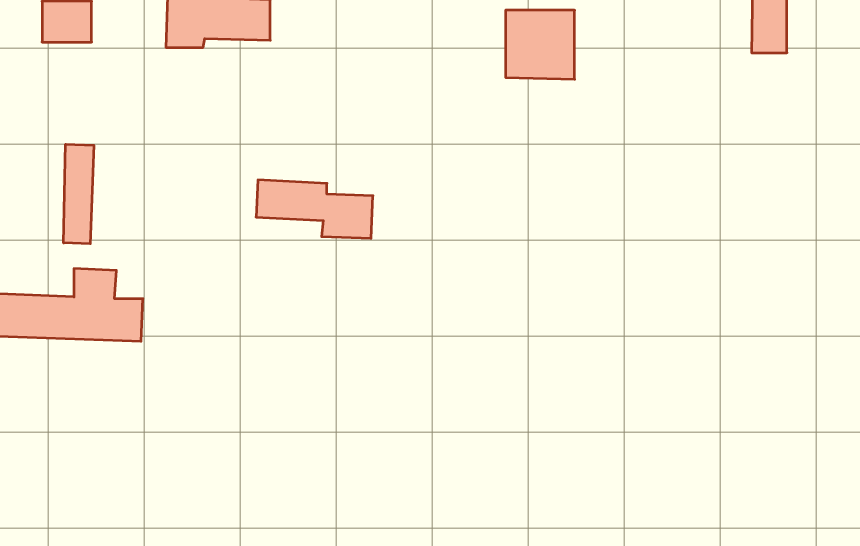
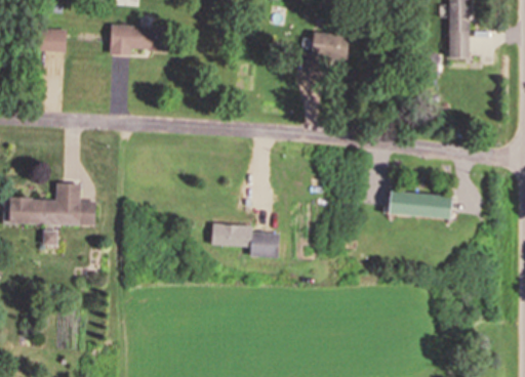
building: [64,144,94,244] -> none
building: [256,180,373,238] -> [210,222,278,256]
building: none -> [387,190,451,219]

